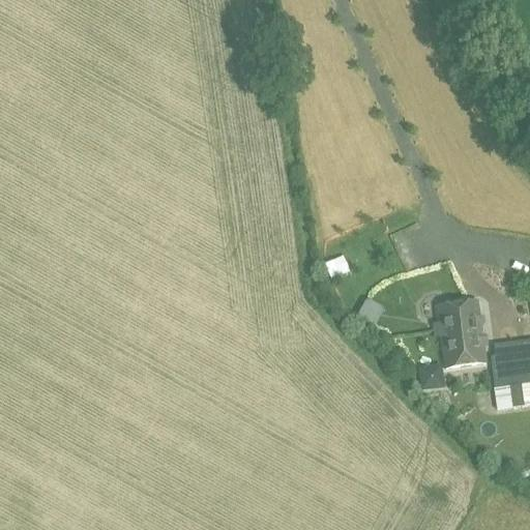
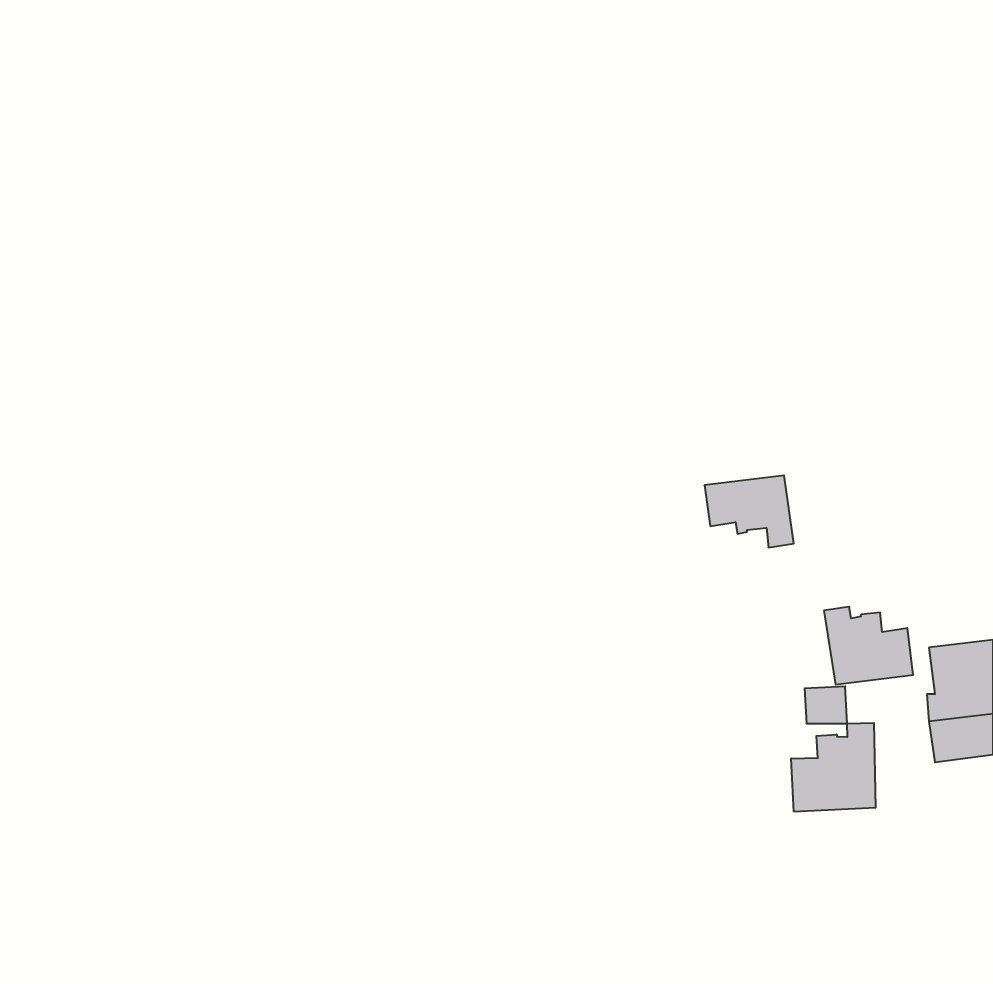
building: [436,298,483,336] -> [704,475,794,547]
building: none -> [791,723,875,812]

